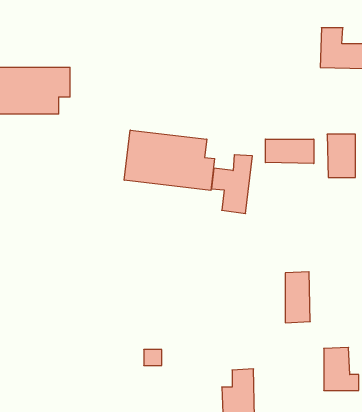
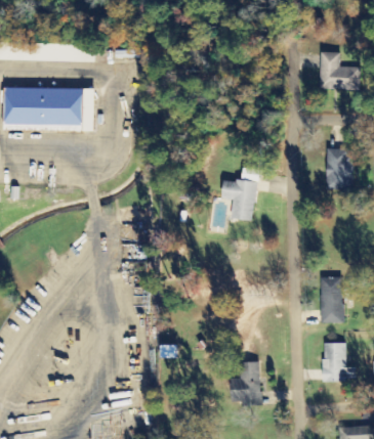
building: [124,130,215,190] -> none
building: [265,139,314,164] -> none
building: [285,272,310,323] -> [321,277,343,323]

